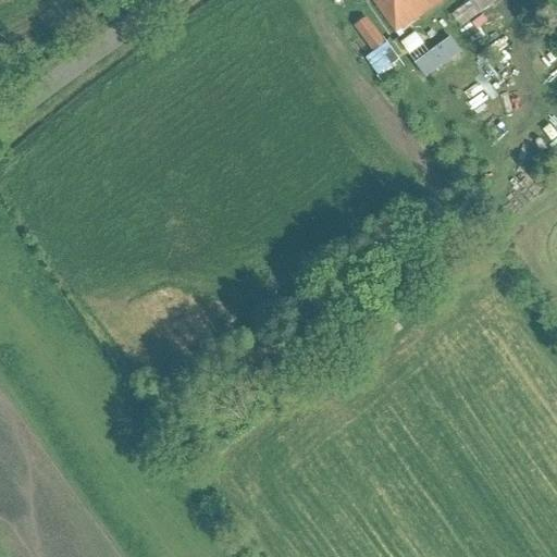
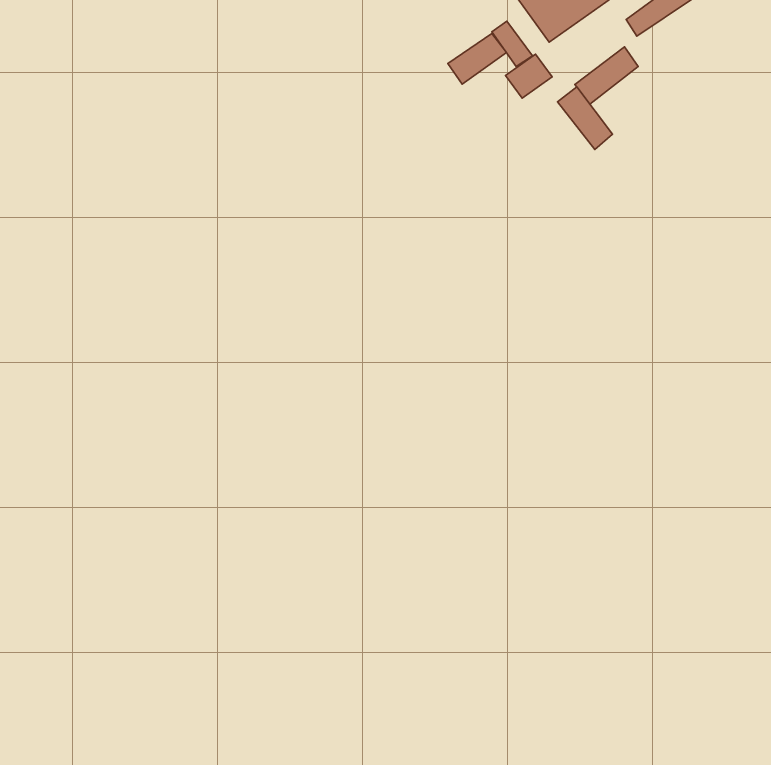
building: none -> [448,33,506,84]
building: none -> [557,87,613,149]

